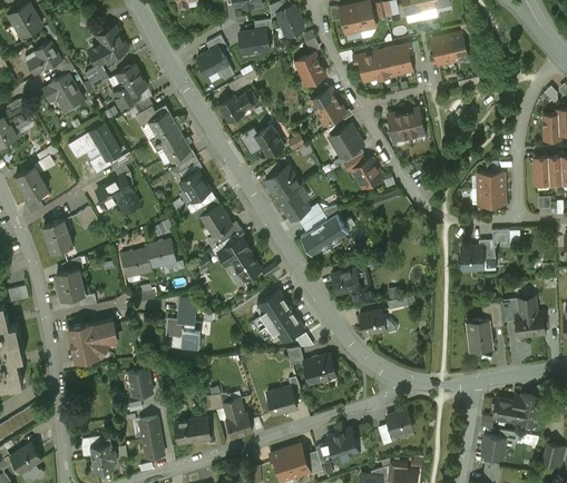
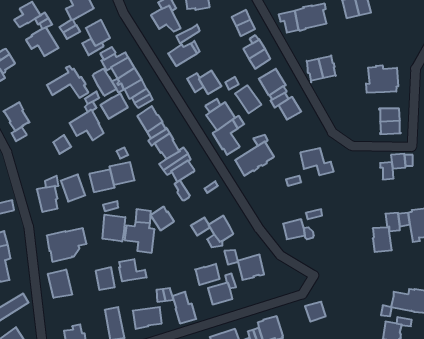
building: none -> [366,65,398,93]
building: none -> [93,69,116,96]
building: none -> [235,85,261,113]
building: none -> [101,94,128,119]
building: [42,219,72,253] -> [61,174,85,202]
building: [460,246,482,269] -> none
building: [232,252,261,280] -> [151,207,174,230]
building: [331,268,372,302] -> [300,148,334,175]
building: none -> [102,215,125,242]
building: none -> [119,259,147,281]
building: none -> [195,264,220,285]
building: none -> [48,269,72,298]

